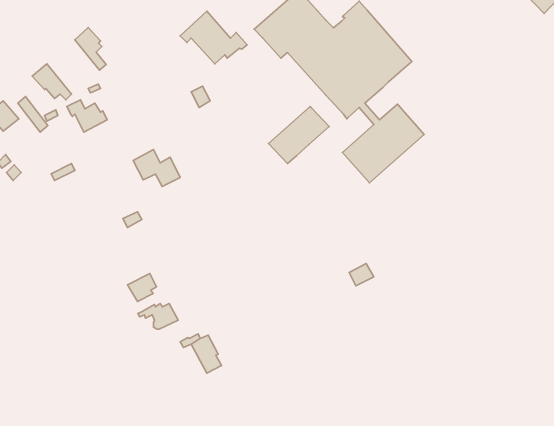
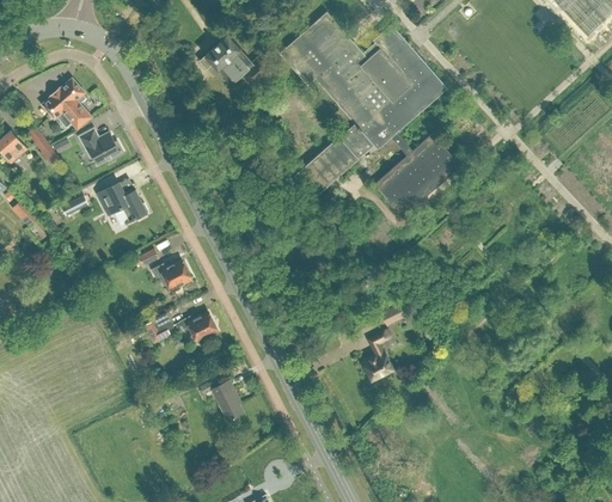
building: [75,27,106,70] -> [57,76,91,122]
building: [133,149,180,186] -> [97,180,147,220]
building: none -> [152,259,191,290]
building: none -> [363,329,391,378]
building: [138,304,178,329] -> [175,312,218,339]

